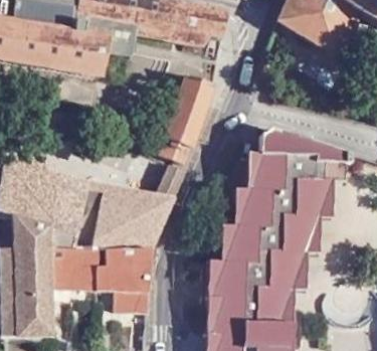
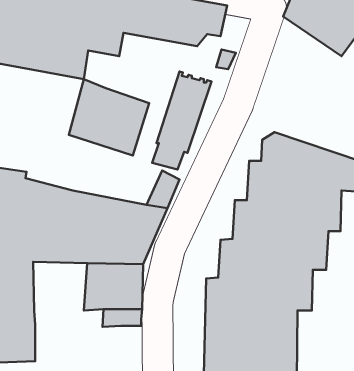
building: none -> [69,79,149,155]
building: [51,245,101,290] -> none

